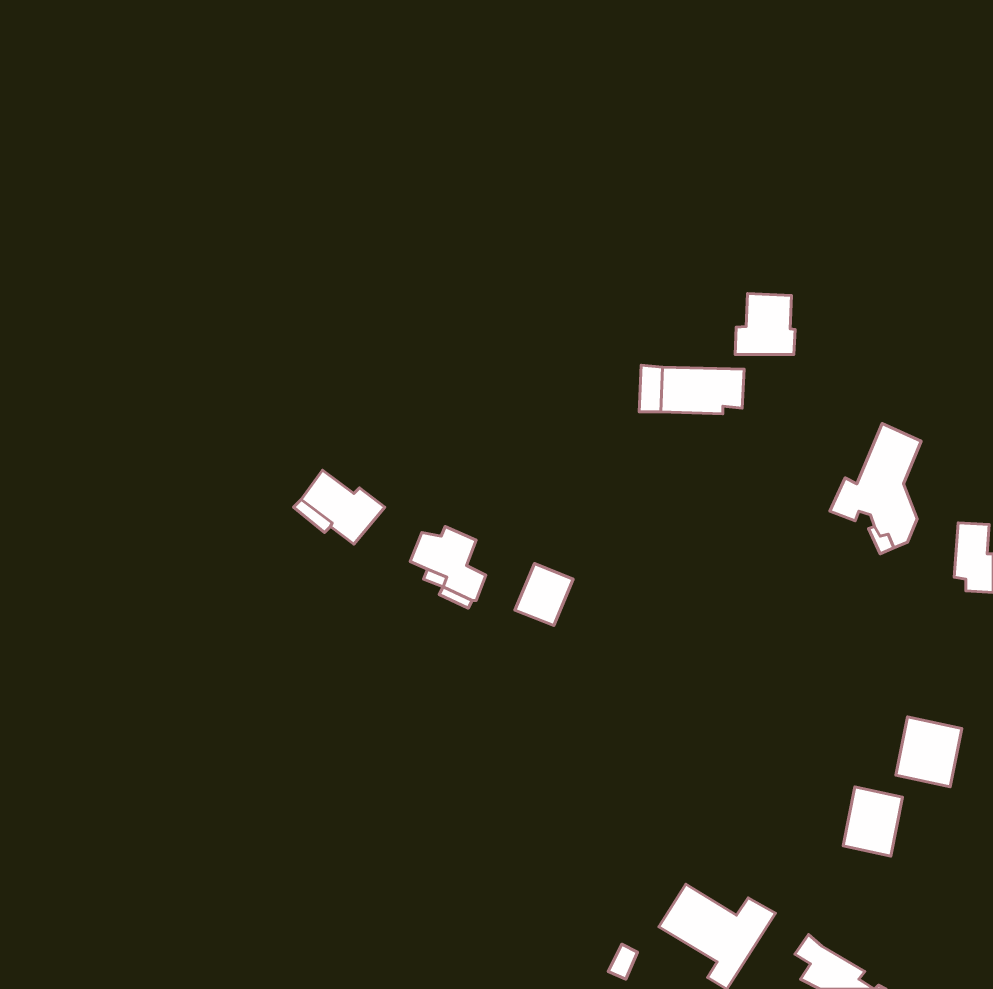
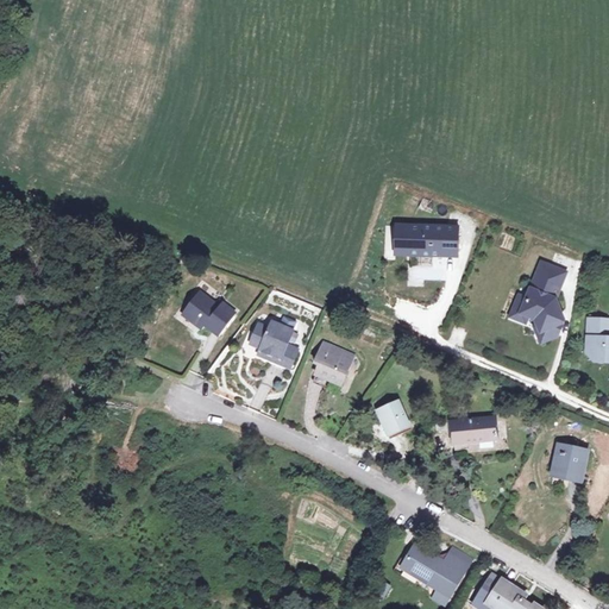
building: [735,293,795,354] -> none
building: none -> [381,403,410,433]
building: none -> [456,422,500,448]
building: [843,787,903,856] -> none

